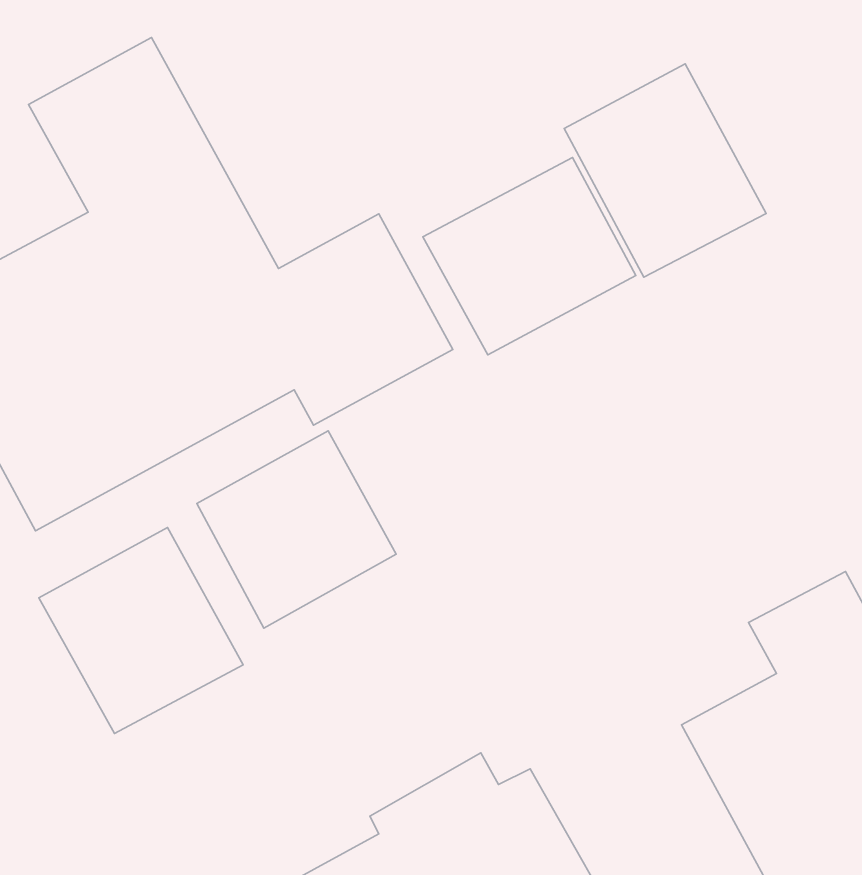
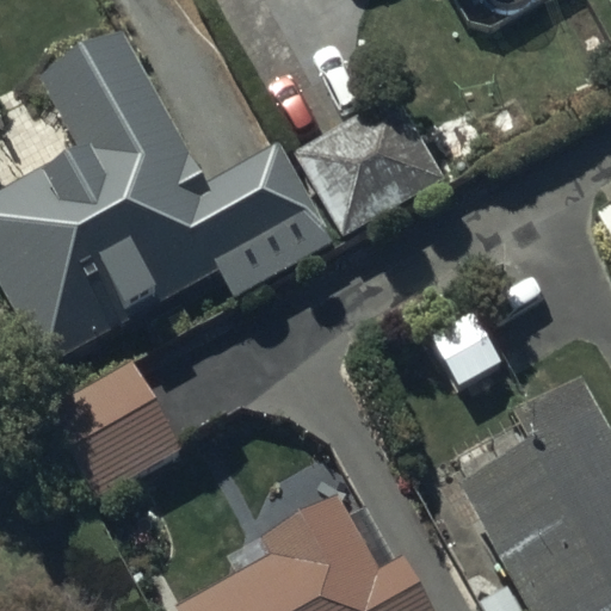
building: [564,64,766,277] -> none
building: [197,431,396,628] -> none

